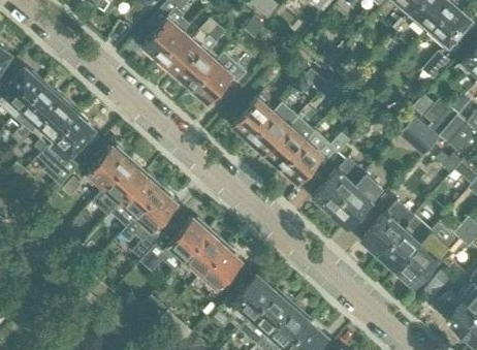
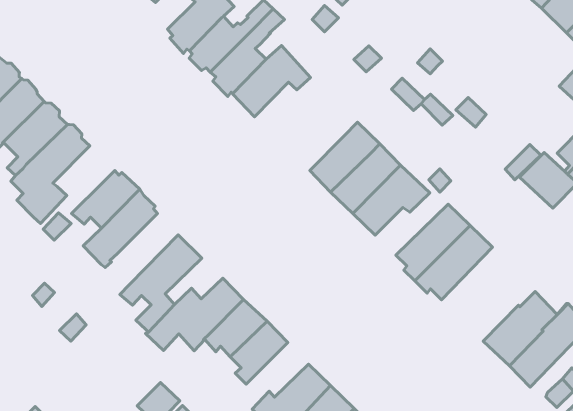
building: [234,93,274,138] -> none
building: [112,174,162,226] -> none
building: [363,200,415,253] -> none

